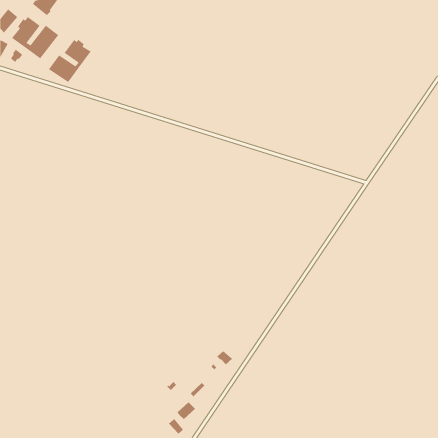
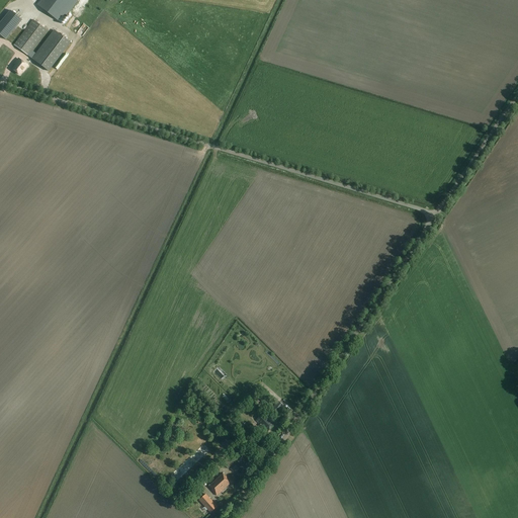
building: [48,39,91,83] -> none

